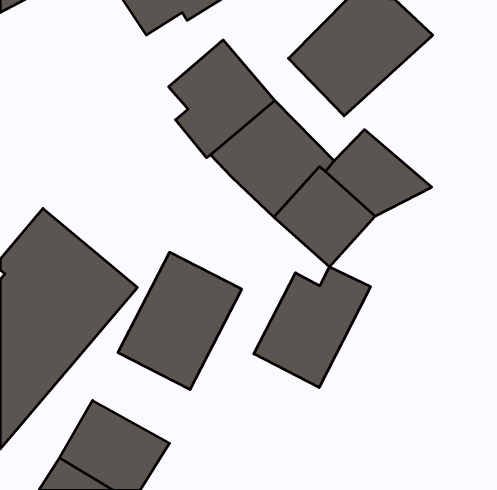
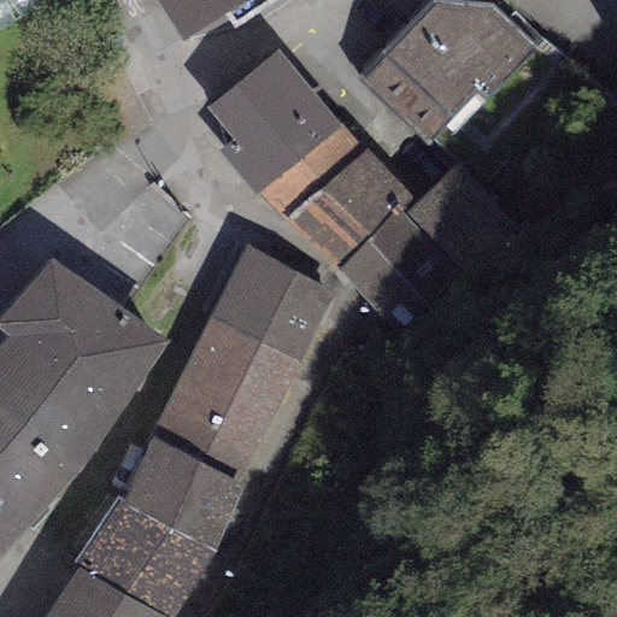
building: none -> [211,245,334,358]
building: [254,267,370,388] -> none
building: none -> [116,436,245,548]

